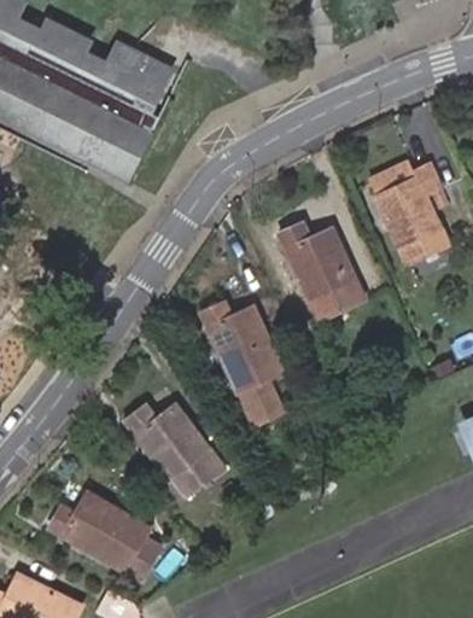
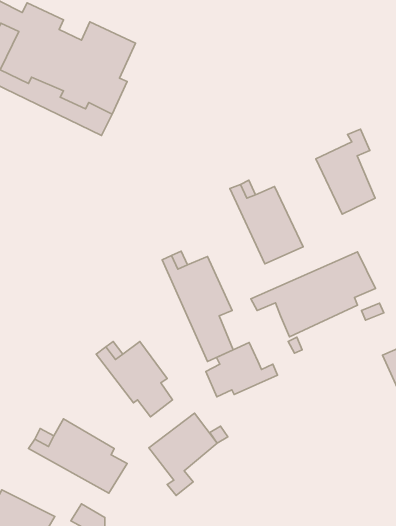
building: none -> [251,252,375,337]
building: none -> [206,342,278,397]
building: none -> [149,413,217,495]

